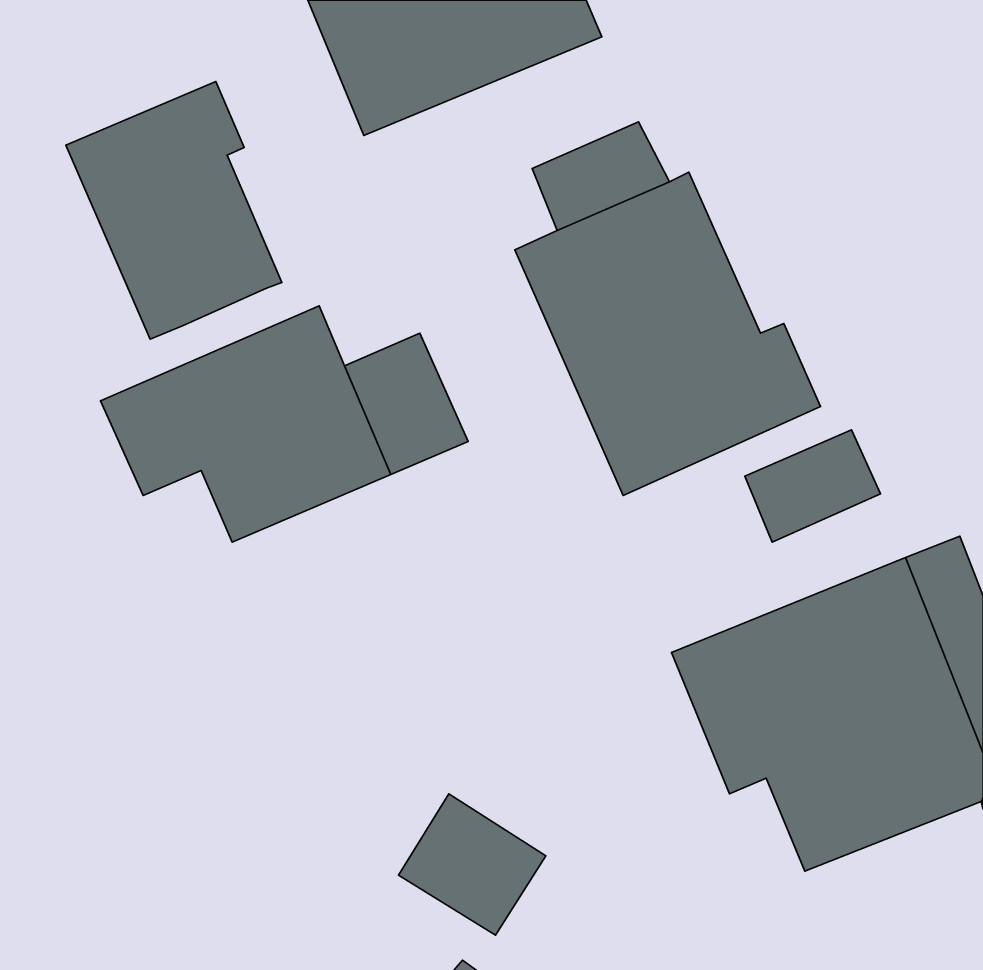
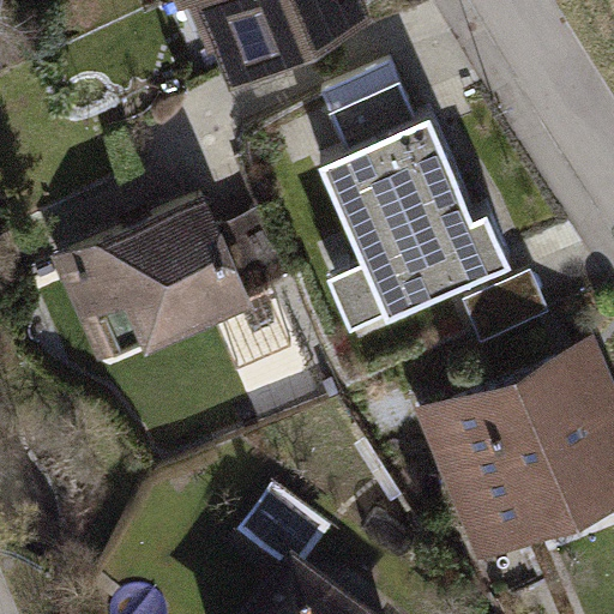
building: [66,82,282,339] -> none

